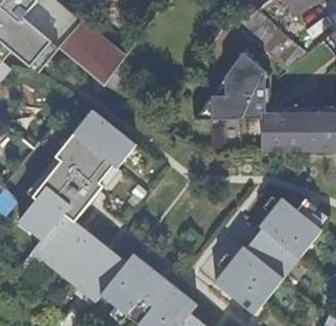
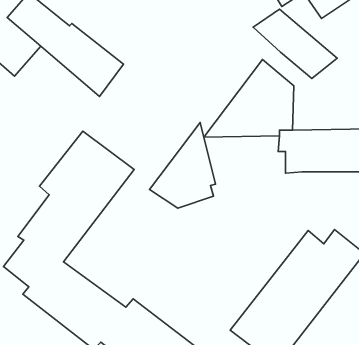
building: none -> [150,123,215,208]

